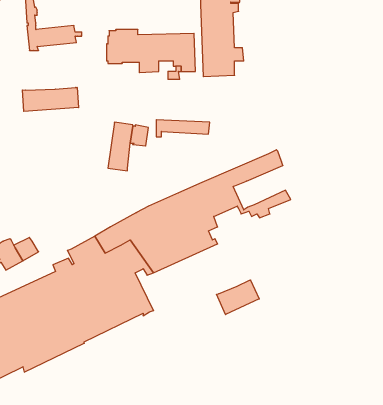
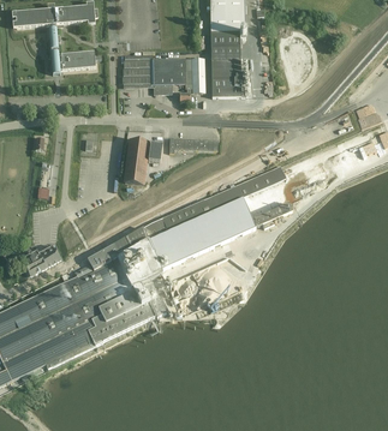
building: [22,87,79,111] -> none
building: [217,280,259,315] -> none

